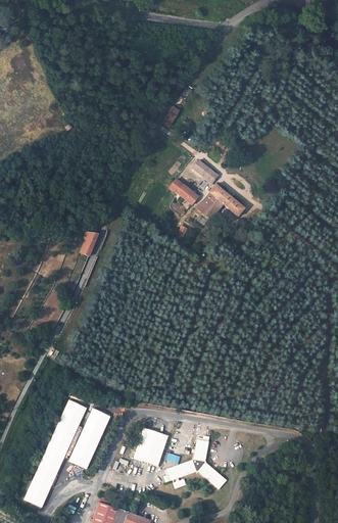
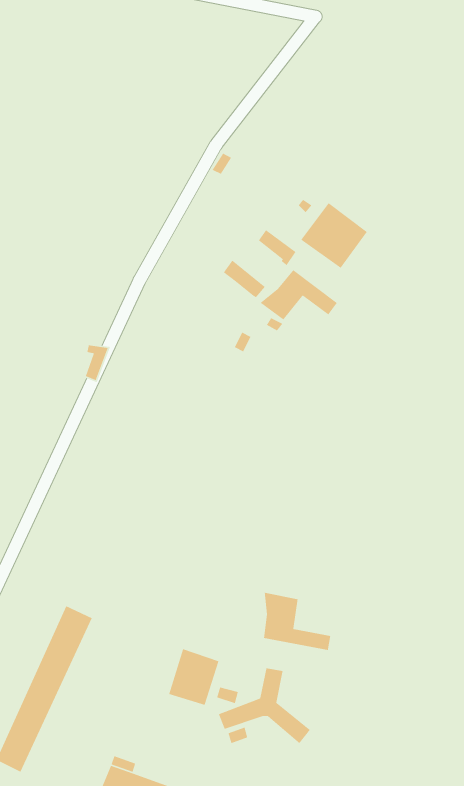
building: none -> [300,202,368,269]
building: none -> [263,592,331,651]
building: [69,409,110,469] -> none

